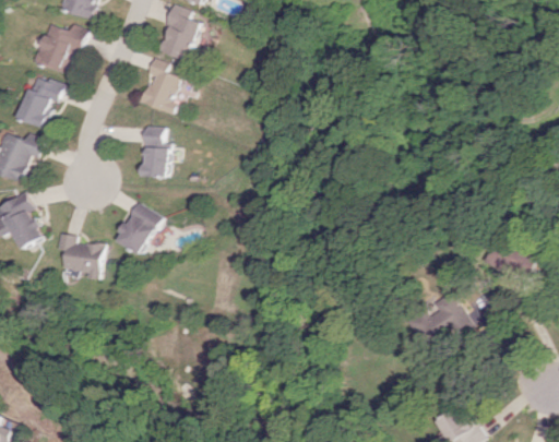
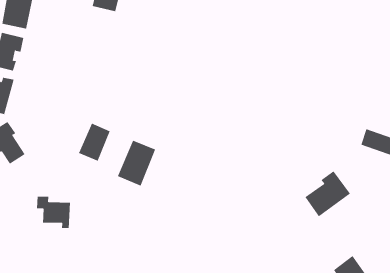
building: [138,57,176,112] -> none
building: [142,133,169,176] -> none
building: none -> [117,140,156,187]
building: [62,232,108,278] -> [36,196,71,228]

